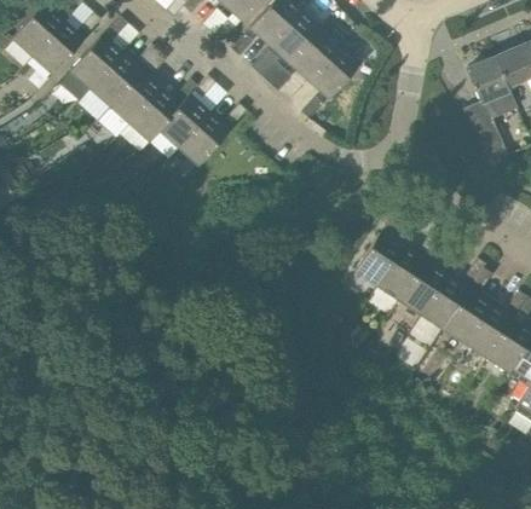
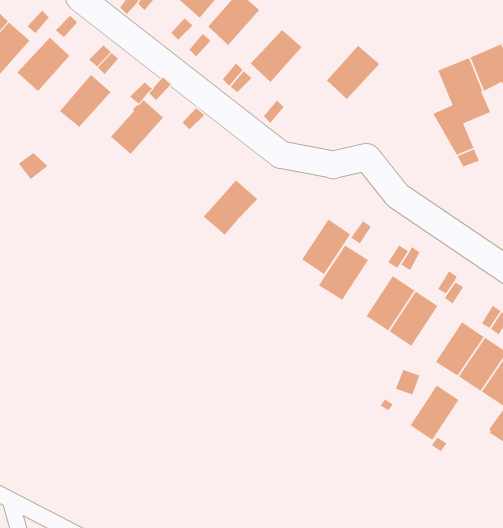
building: [267,13,318,64] -> none
building: [307,48,358,100] -> [326,45,380,100]
building: [88,57,138,109] -> none
building: [127,91,178,143] -> none
building: [175,115,227,168] -> [203,180,258,236]
building: [375,249,422,302] -> [301,219,351,275]
building: [440,293,487,346] -> [410,384,460,441]

